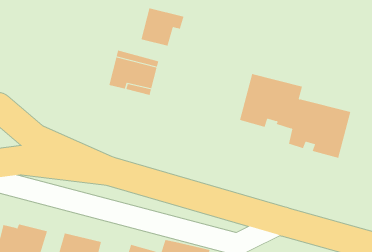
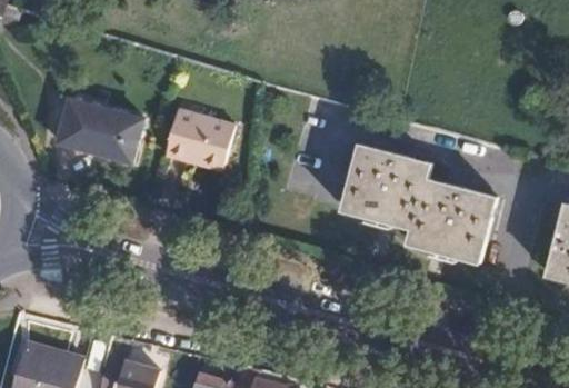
building: [141,7,184,47] -> none
building: none -> [59,100,144,162]

